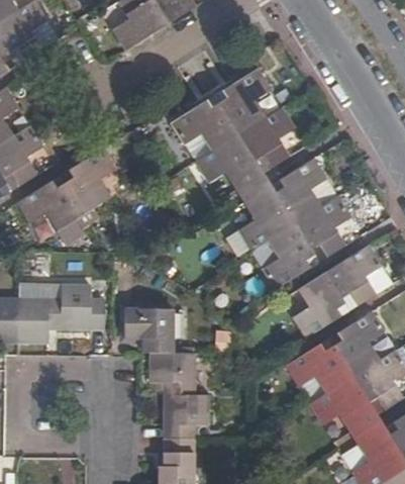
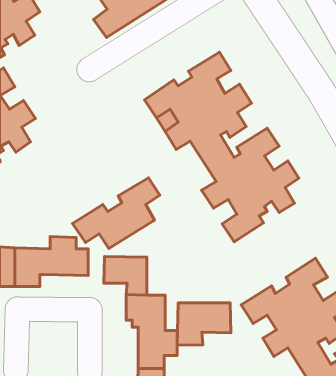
building: [14,148,116,230] -> [72,178,160,248]
building: [290,244,383,337] -> none
building: none -> [177,303,231,345]

